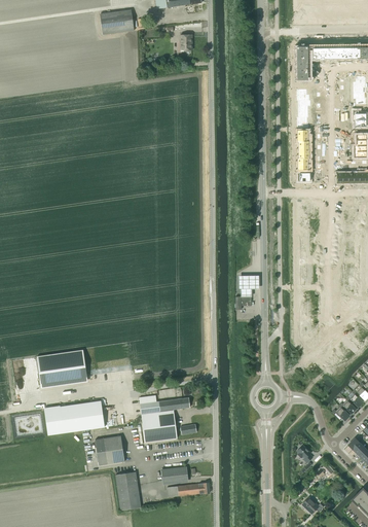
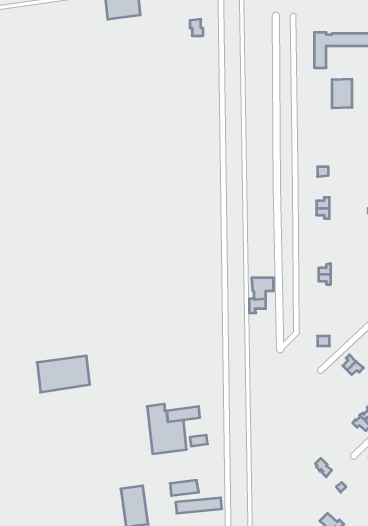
building: none -> [332,79,352,108]
building: [43,400,104,435] -> none
building: [94,435,123,465] -> none

